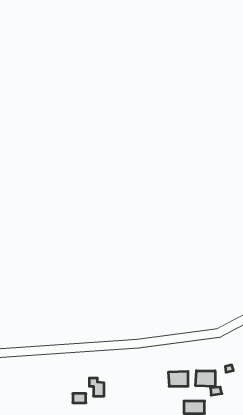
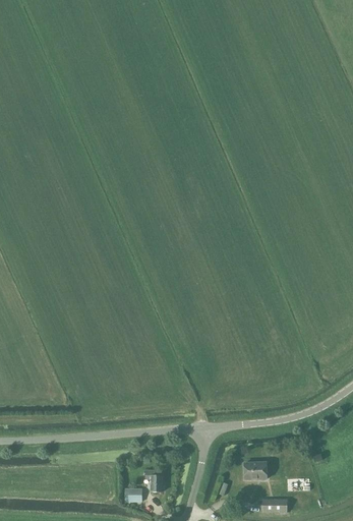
building: [196,371,215,387] -> none

